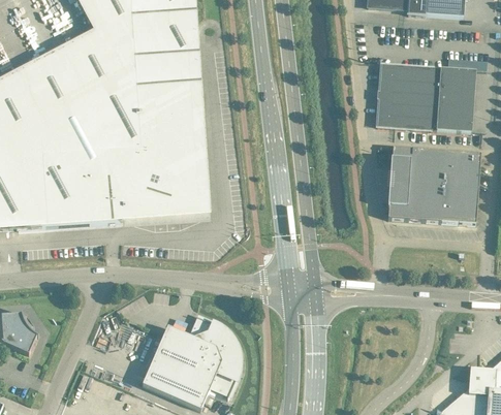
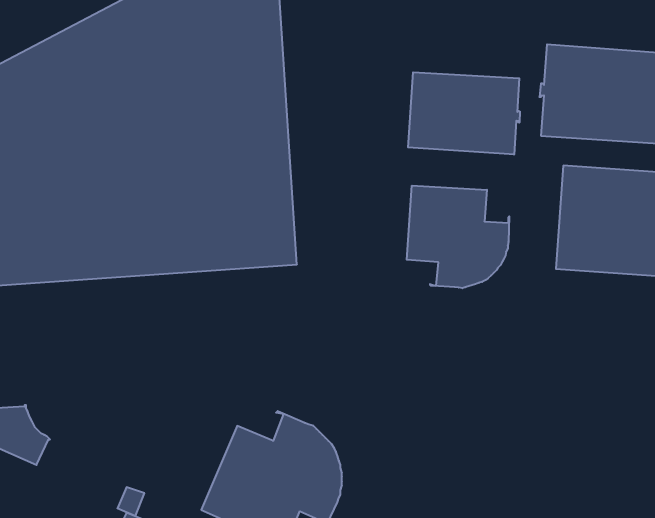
building: none -> [408,72,520,155]
building: none -> [407,186,509,288]

